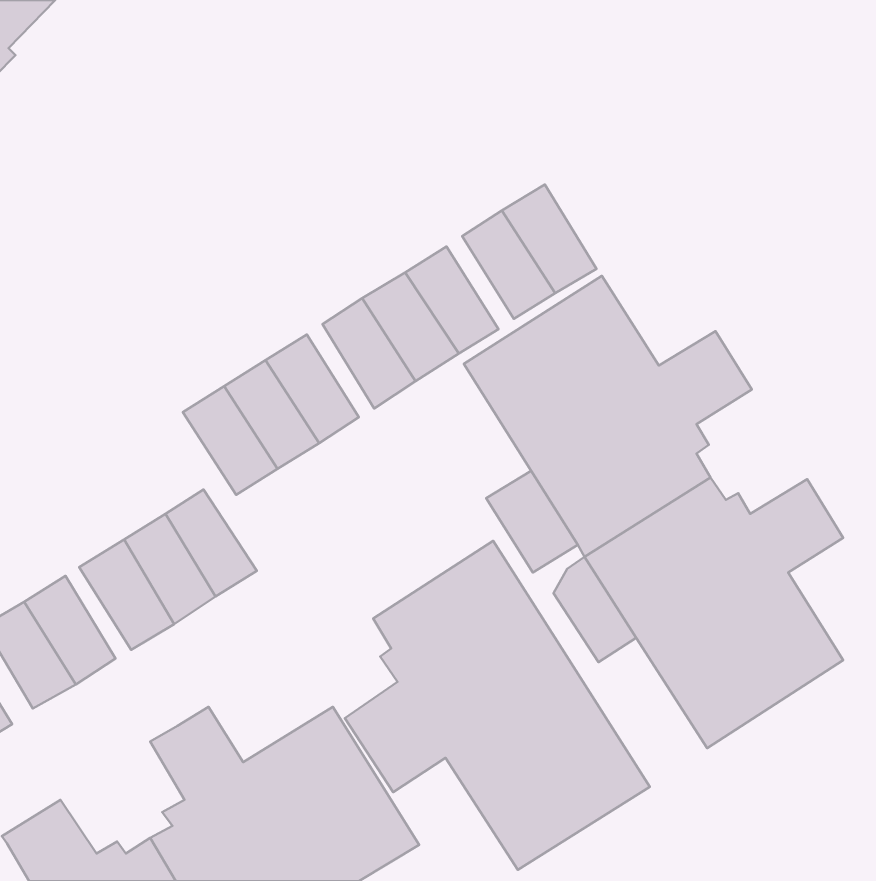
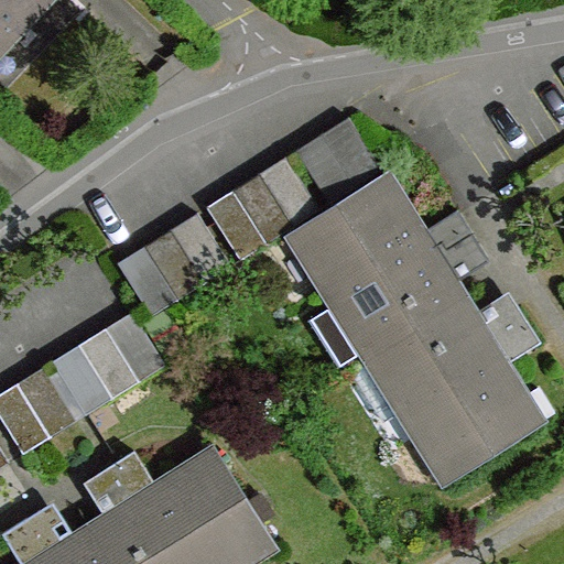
building: [345,541,650,870] -> none

